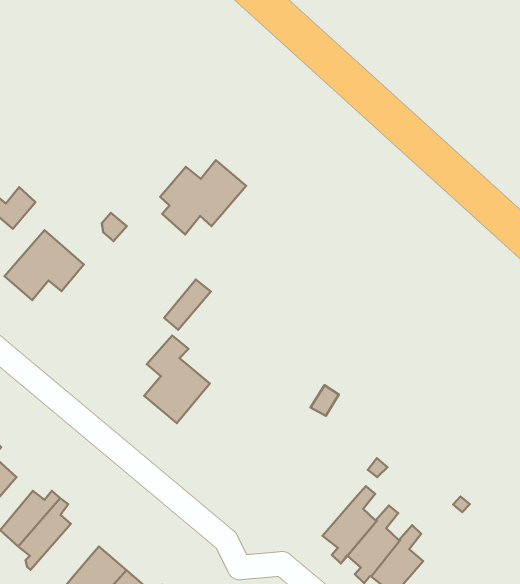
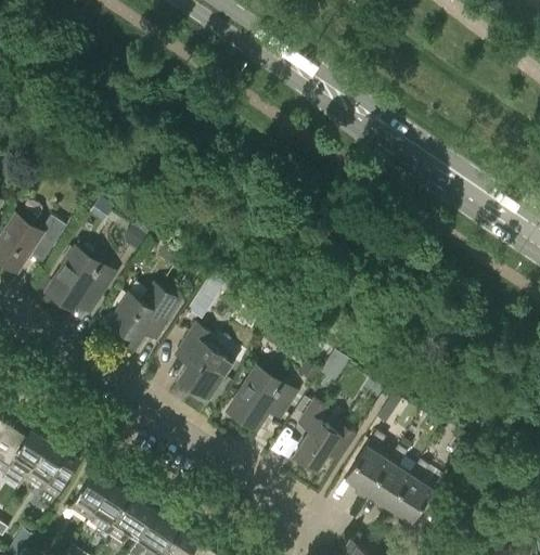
building: [160,160,246,234] -> [108,284,180,350]
building: none -> [229,371,293,429]
building: none -> [294,401,353,470]
building: none -> [100,495,155,543]

